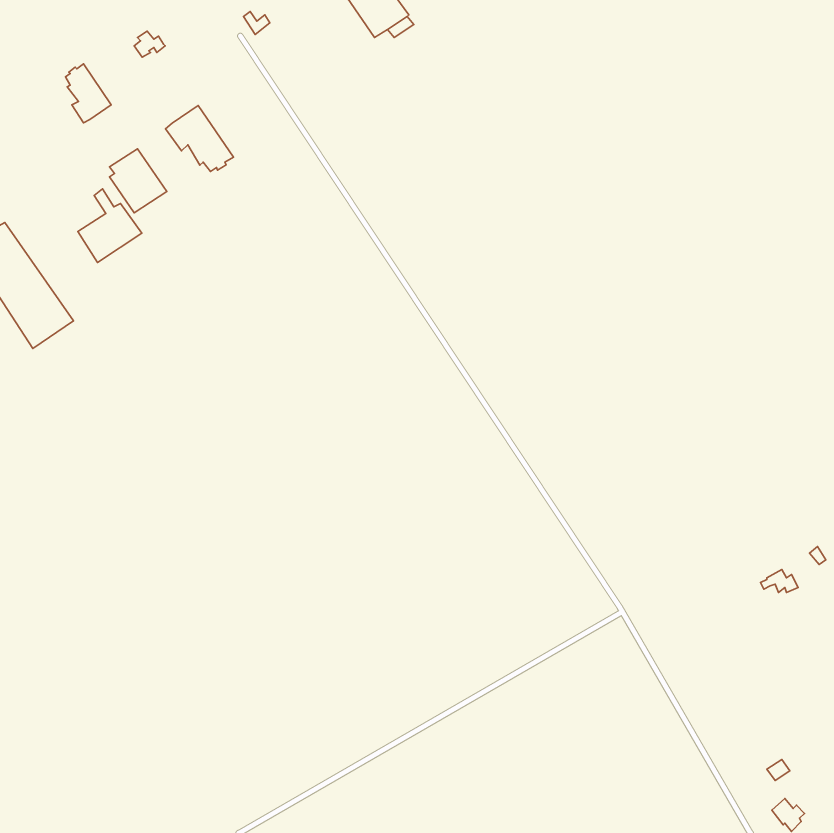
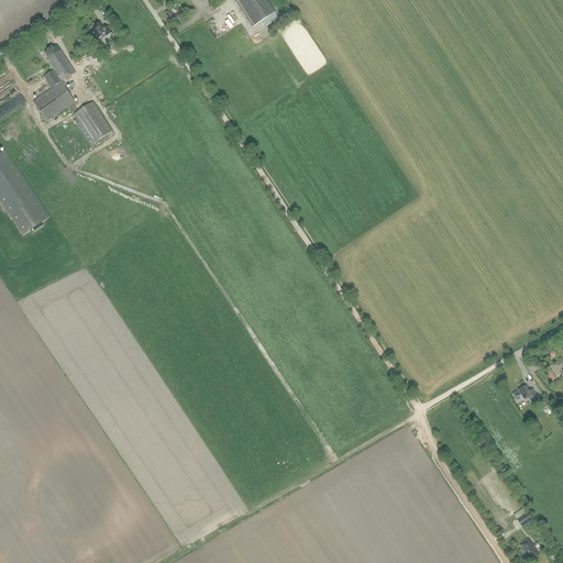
building: [166,106,233,172] -> none
building: [78,189,142,263] -> [32,70,75,120]

